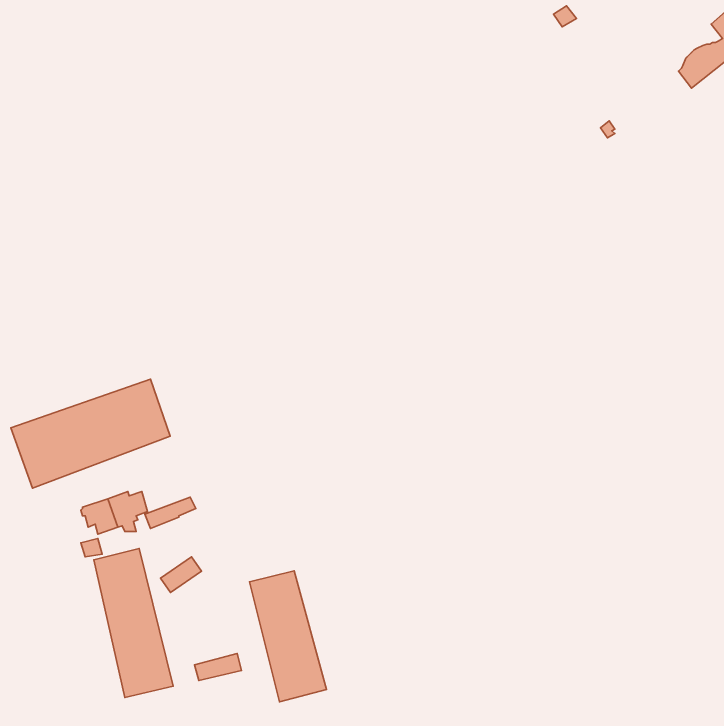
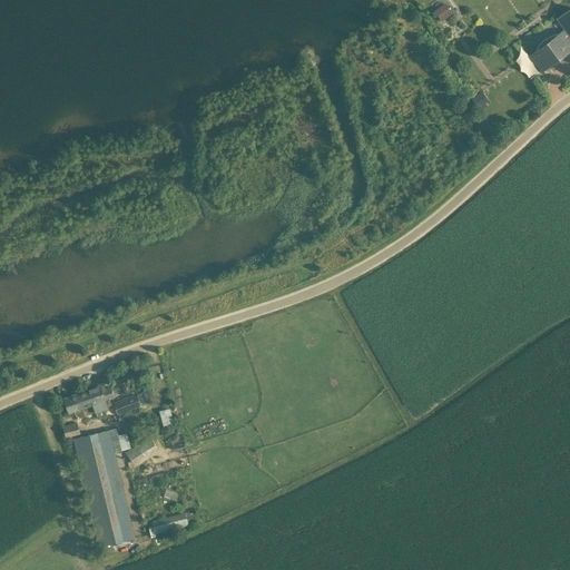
building: [11,379,170,488] -> none
building: [250,571,327,702] -> none

